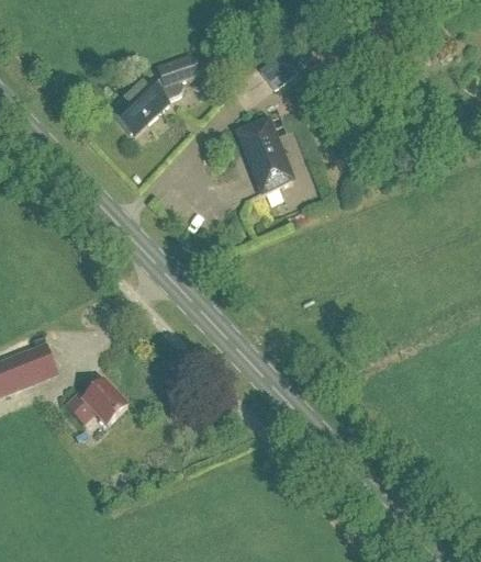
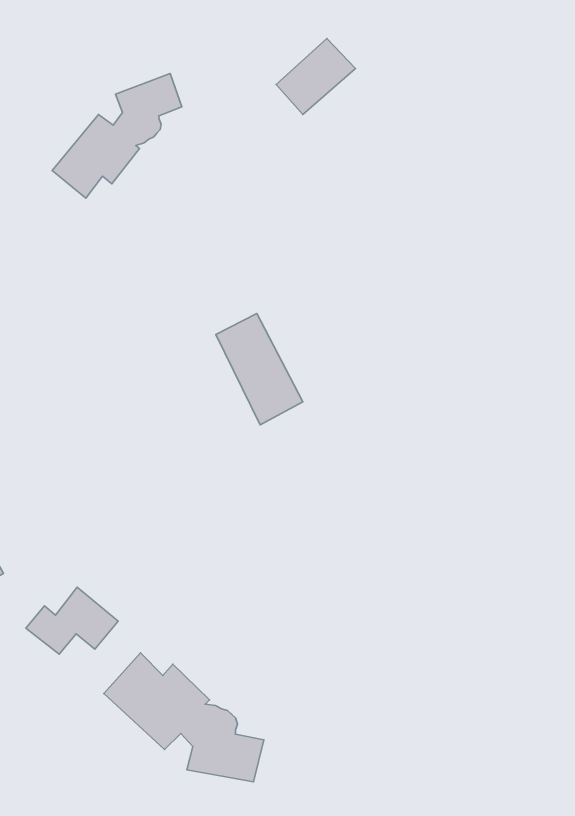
building: [239,122,291,193] -> [216,313,303,425]
building: none -> [104,653,264,782]

